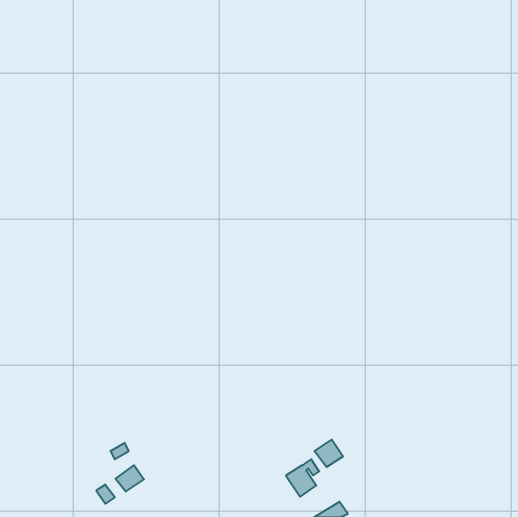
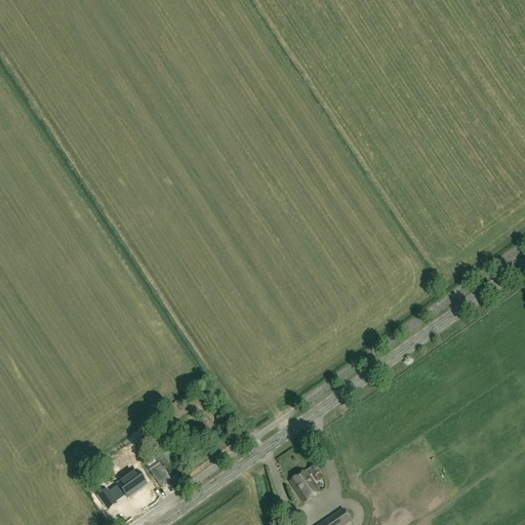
building: [315,440,343,467] -> none

